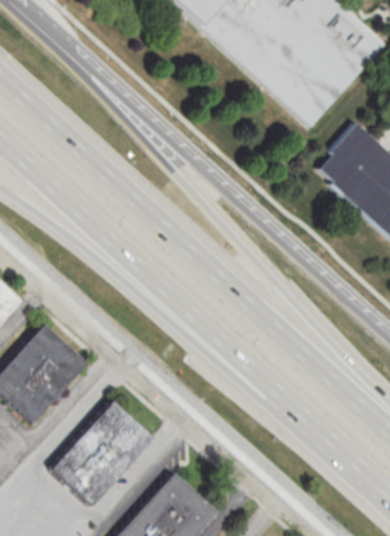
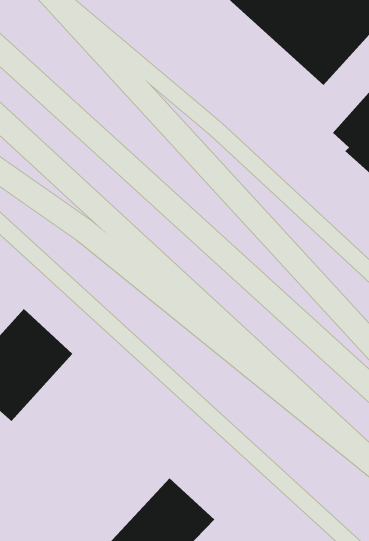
building: [51,399,154,503] -> none

